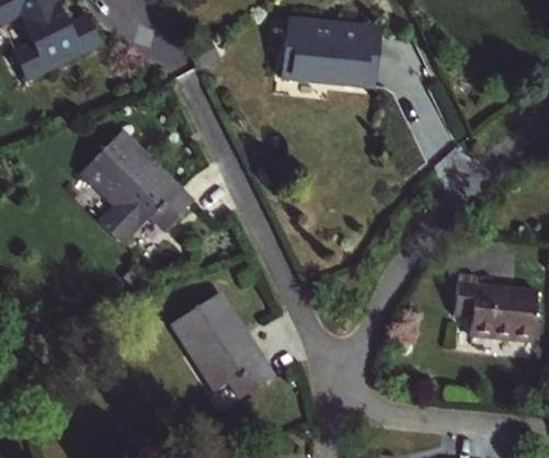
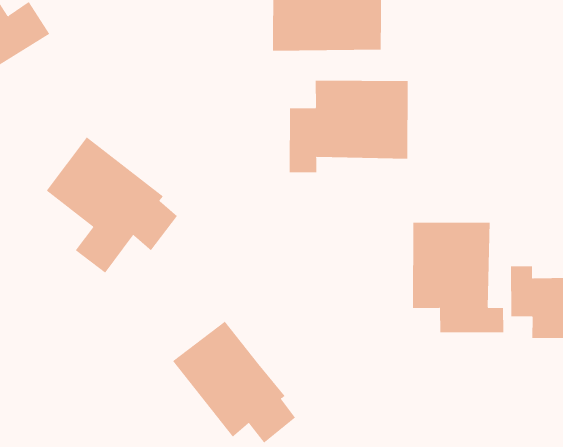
building: none -> [289,80,408,173]
building: none -> [412,222,504,333]

